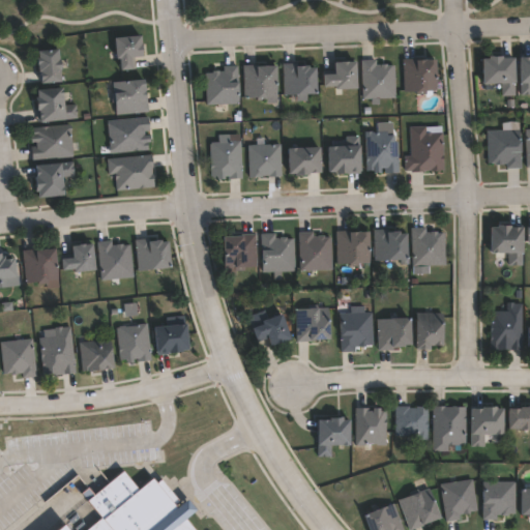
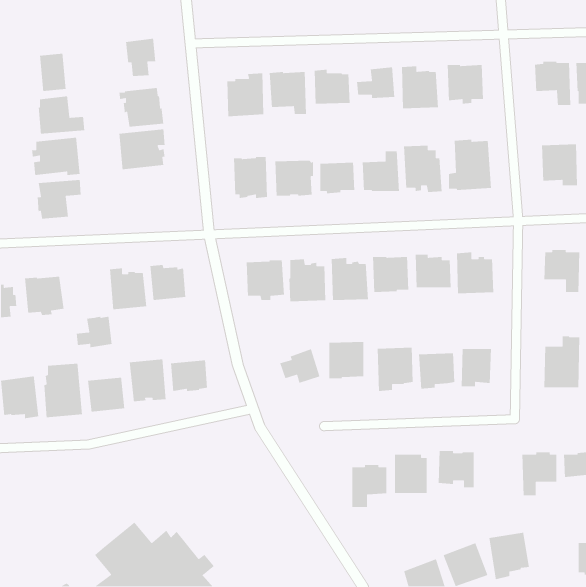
building: [108,154,155,190] -> none
building: [61,243,94,272] -> [76,316,113,348]
building: [434,407,467,451] -> none
building: [483,482,516,521] -> none

